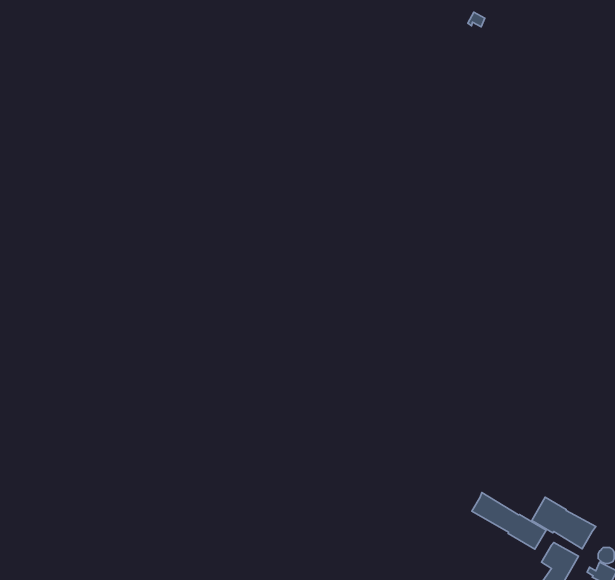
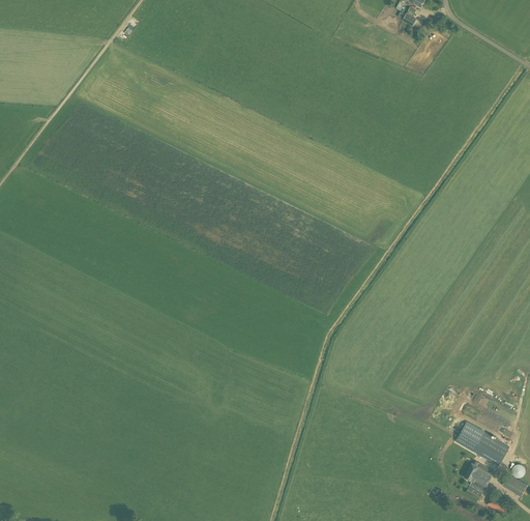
building: [472,493,546,549] -> none

